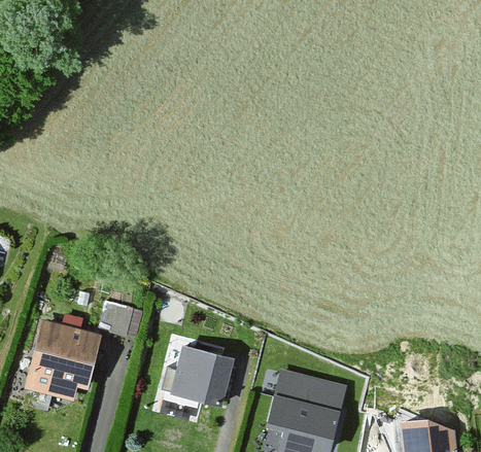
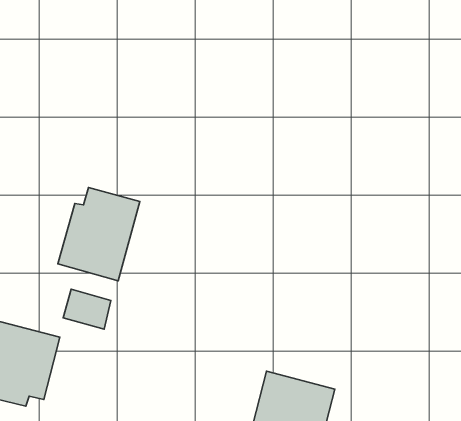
building: none -> [58,188,140,281]
building: [165,345,229,407] -> none

